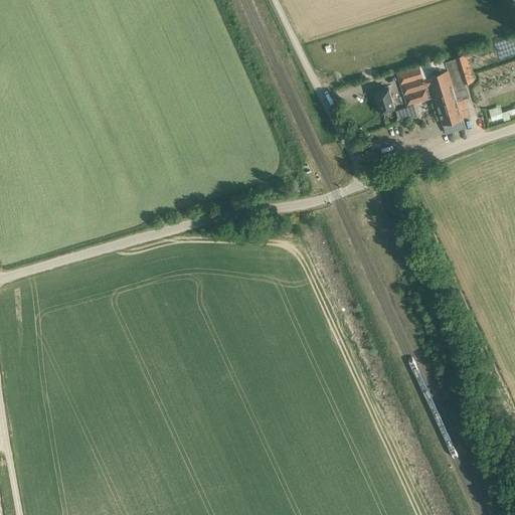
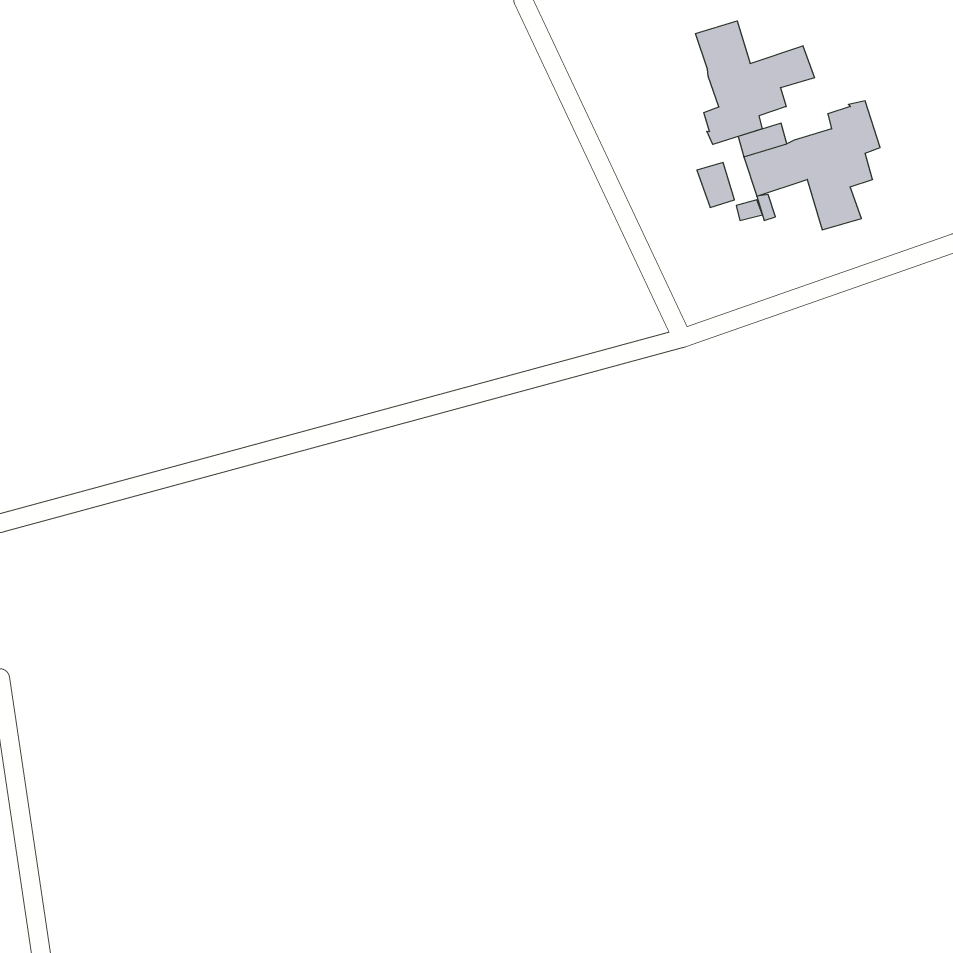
building: none -> [695,21,815,144]

